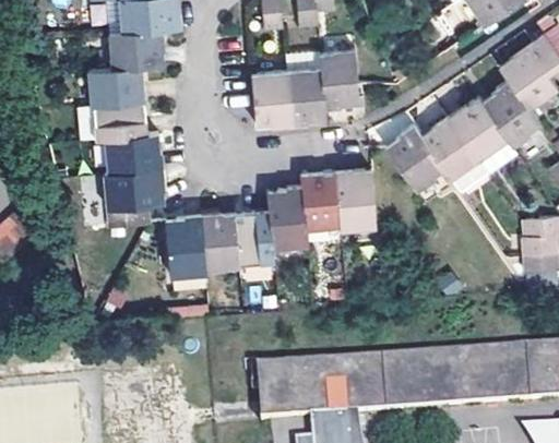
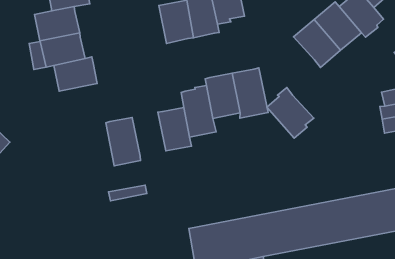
building: [385,123,444,190] -> [267,87,314,138]
building: [105,166,164,223] -> none
building: [201,212,239,266] -> none

